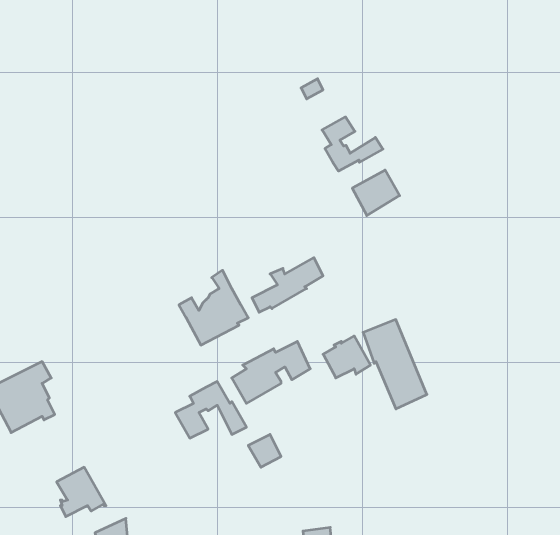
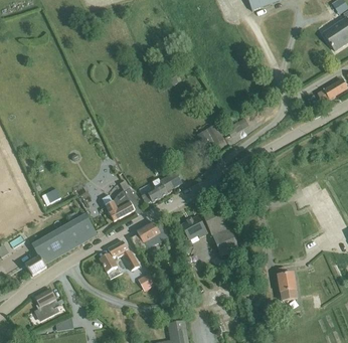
building: [322,117,383,171] -> none
building: none -> [25,210,98,275]
building: none -> [278,267,297,302]

